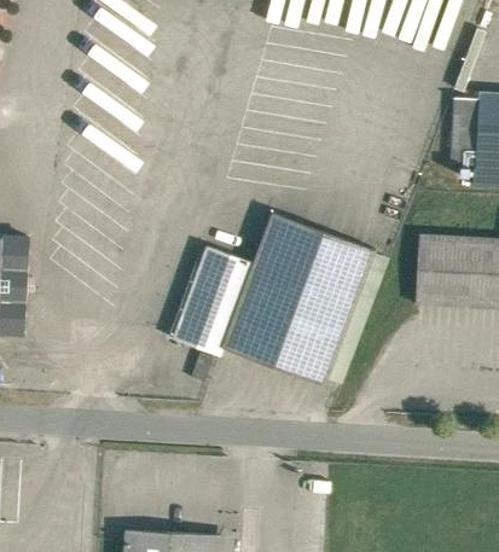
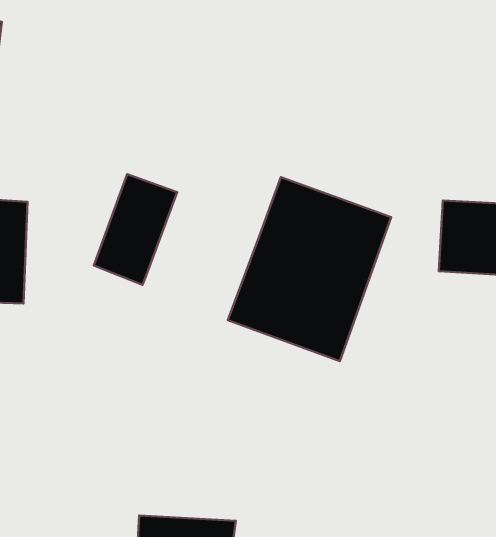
building: [168,249,246,353] -> [94,174,177,285]

